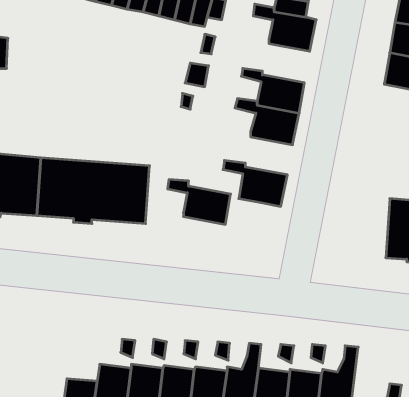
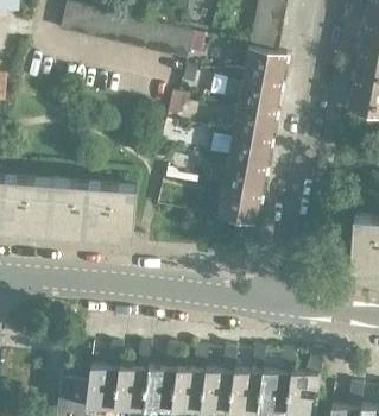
building: none -> [225,69,282,111]
building: [168,180,231,224] -> [209,153,266,194]

